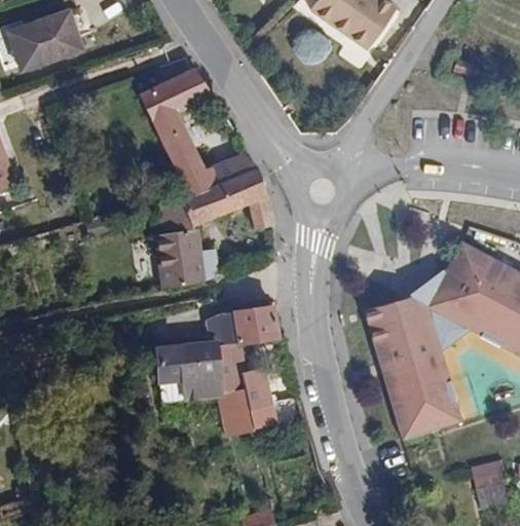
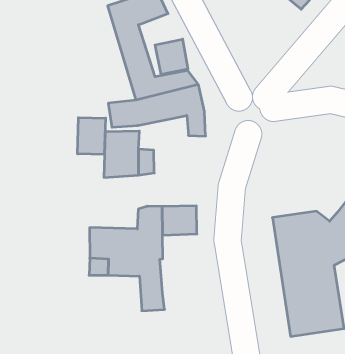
building: none -> [155,39,188,75]
building: none -> [78,118,106,154]
building: [240,368,272,411] -> none

